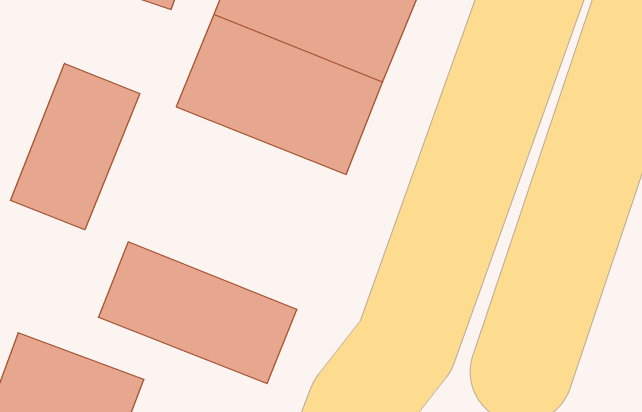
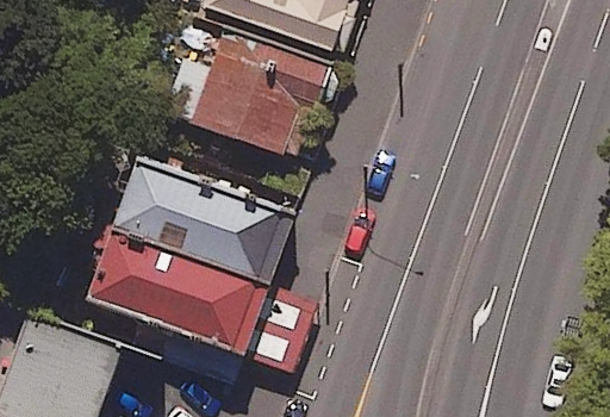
building: [10,63,140,230] -> none
building: none -> [117,158,301,292]

